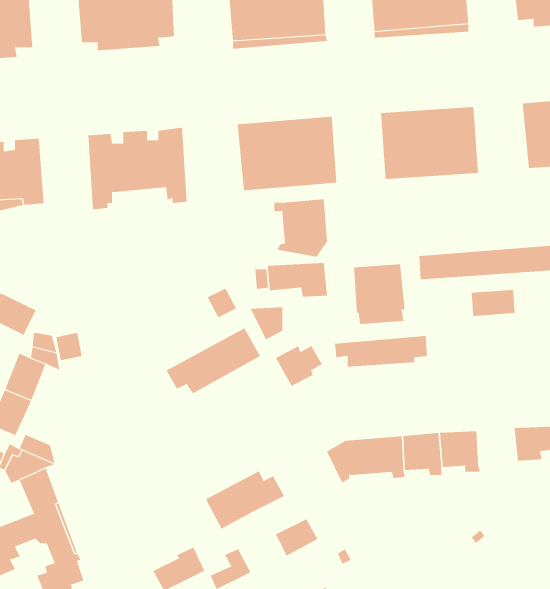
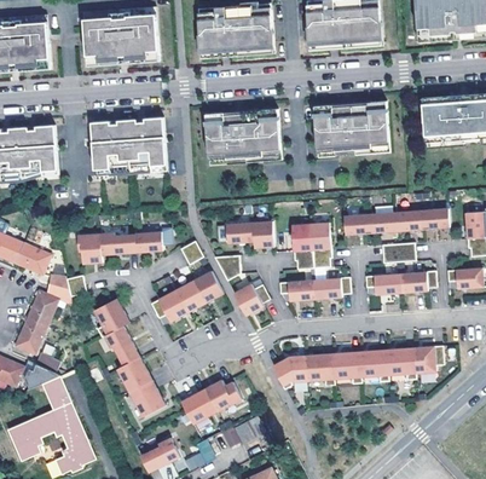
building: [274,199,327,258] -> none
building: none -> [79,230,163,262]
building: none -> [364,270,436,294]
building: none -> [94,296,166,416]
building: none -> [387,346,417,379]

